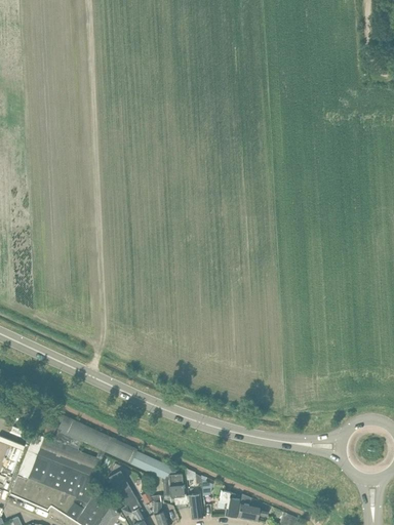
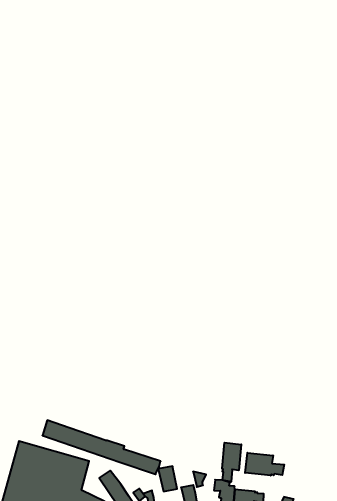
building: none -> [222,443,241,482]
building: none -> [245,453,284,476]

